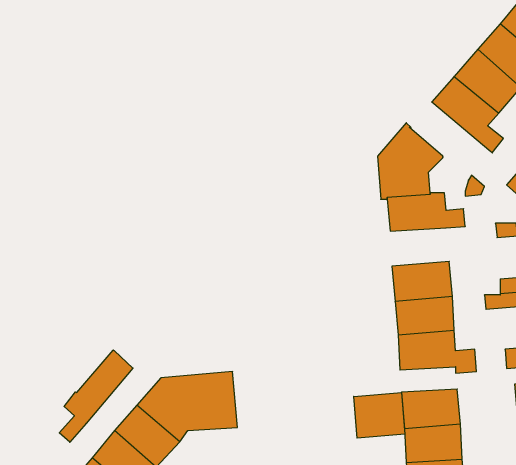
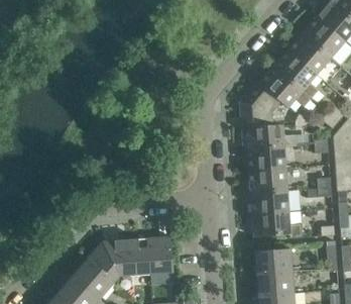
building: none -> [260,68,312,108]
building: none -> [248,147,285,172]
building: [59,350,133,442] -> none
building: none -> [148,237,173,274]
building: [354,392,405,438] -> none

